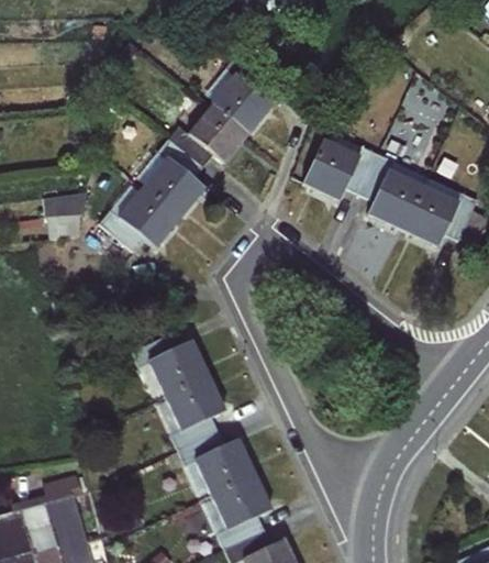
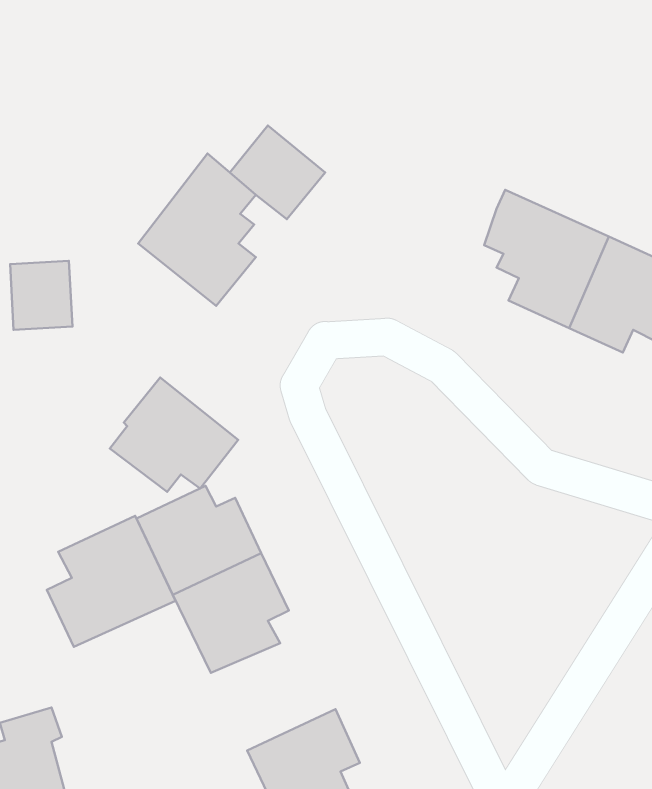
building: [201,57,274,136] -> none
building: [303,143,358,205] -> none
building: [99,181,180,254] -> [110,378,238,492]
building: none -> [47,516,176,647]
building: [177,435,256,504] -> none

